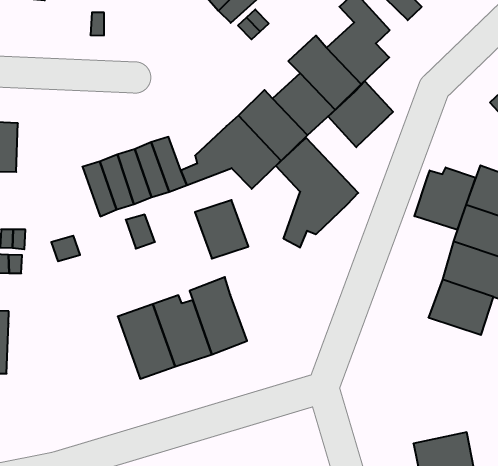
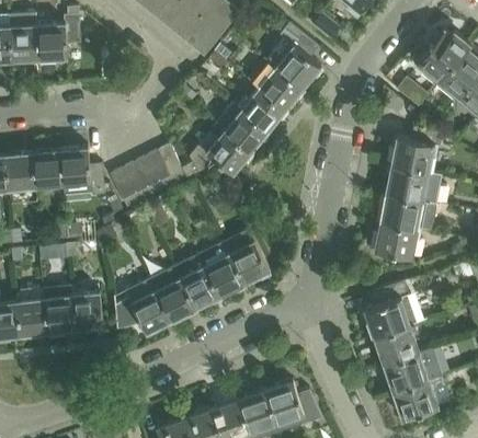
building: [328,81,393,147] -> none
building: none -> [60,147,105,195]
building: [276,138,358,248] -> none
building: [414,167,476,230] -> none
building: [195,200,248,259] -> [229,240,271,284]
building: none -> [125,278,172,334]
building: none -> [72,290,104,330]
building: none -> [364,281,412,342]

